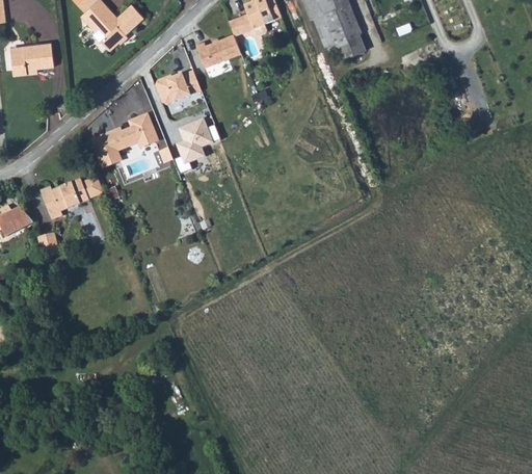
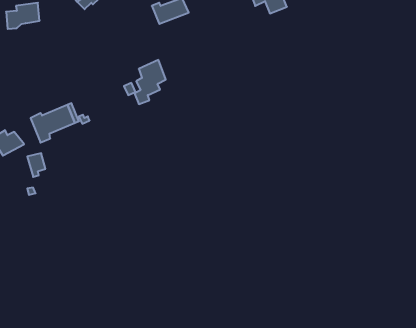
building: [154,71,201,104] -> none
building: [89,112,156,165] -> none

